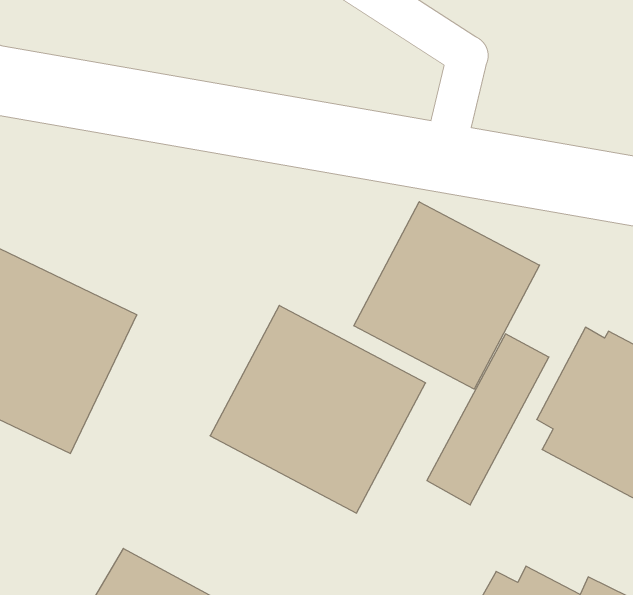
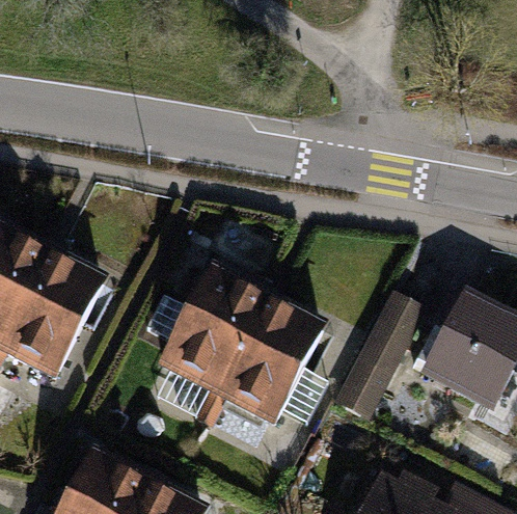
building: [354,202,540,389] -> none

